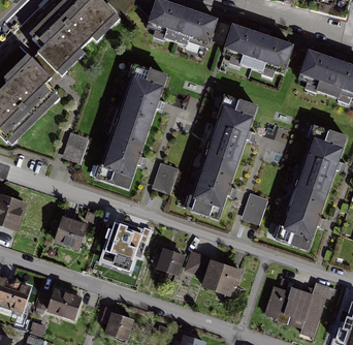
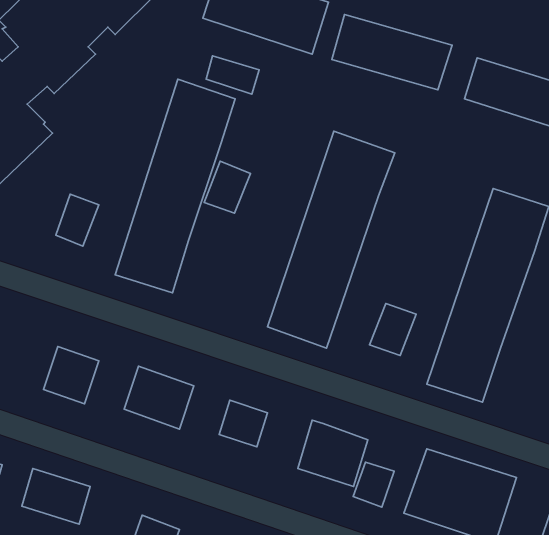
building: none -> [206,56,259,94]
building: [152,161,179,191] -> [204,161,251,213]
building: [186,251,210,277] -> [353,462,394,507]

